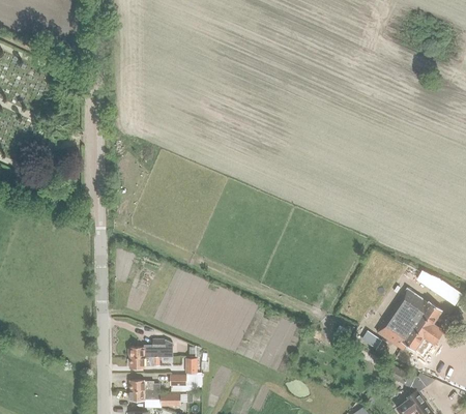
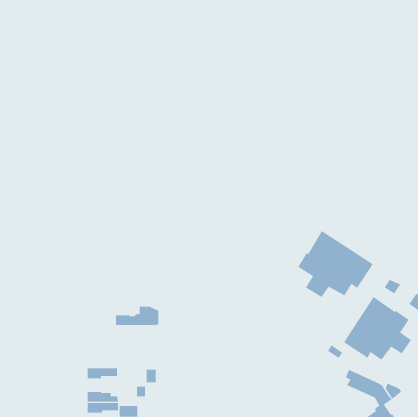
building: none -> [298,230,373,298]
building: [129,339,172,358] -> [115,306,159,325]

